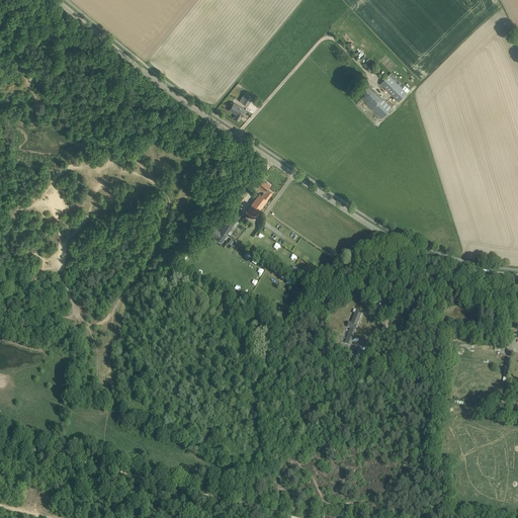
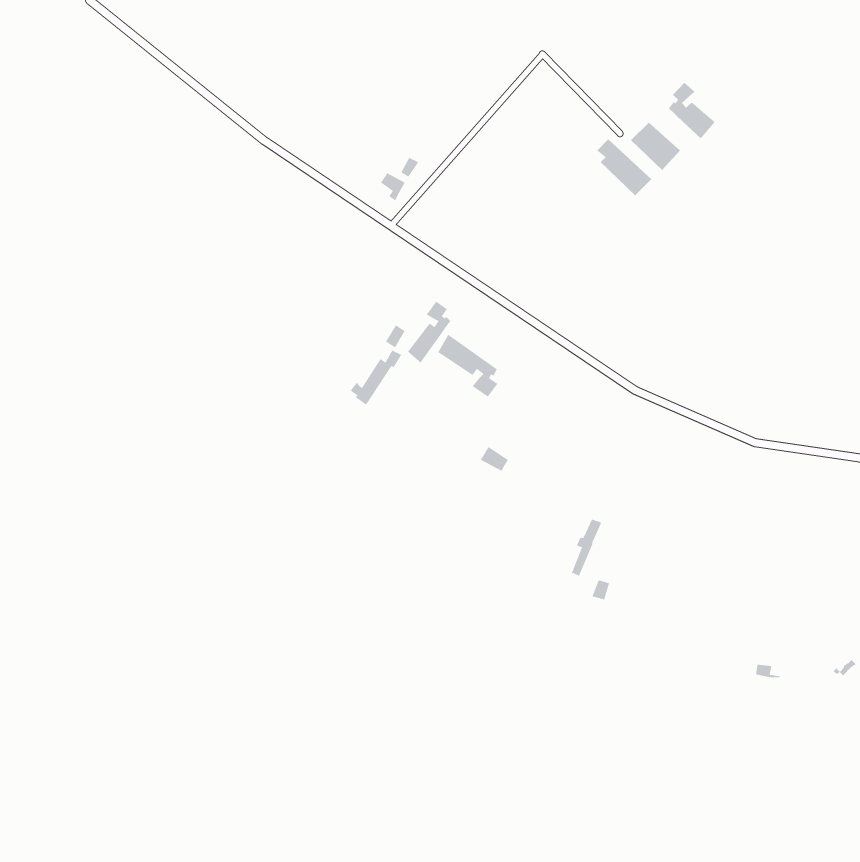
building: none -> [668,82,715,139]
building: none -> [437,334,498,397]

